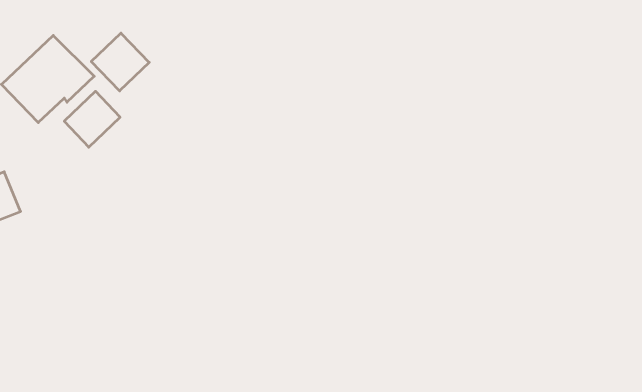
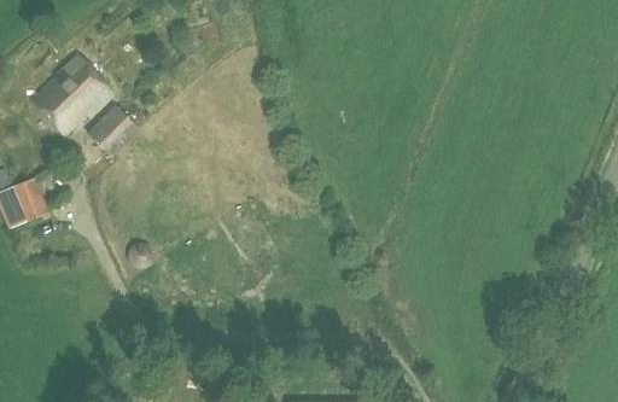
building: [91,33,149,91] -> none

